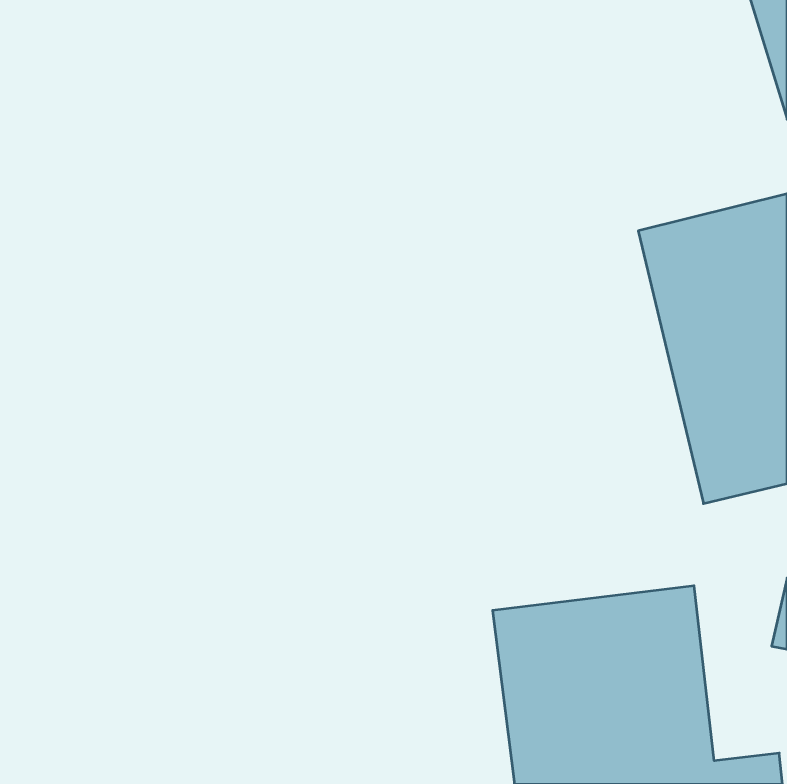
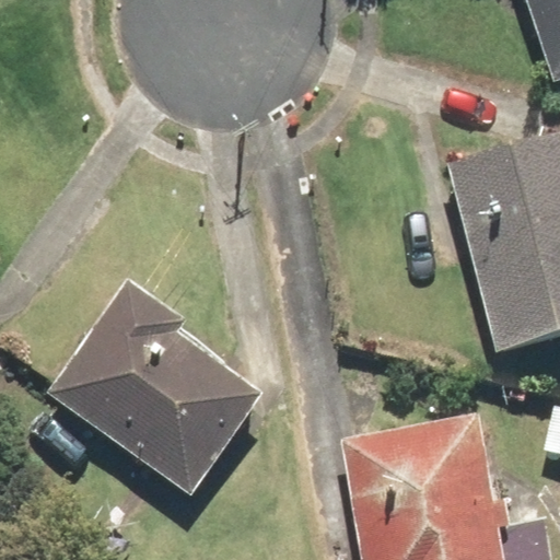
building: none -> [49,289,267,499]

